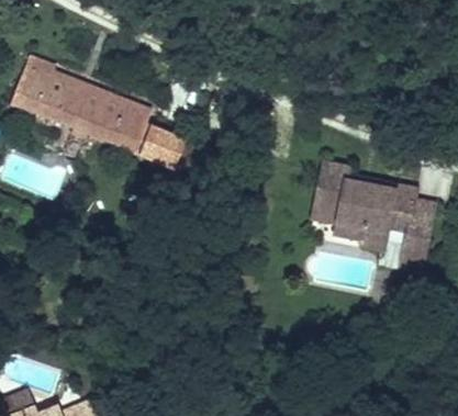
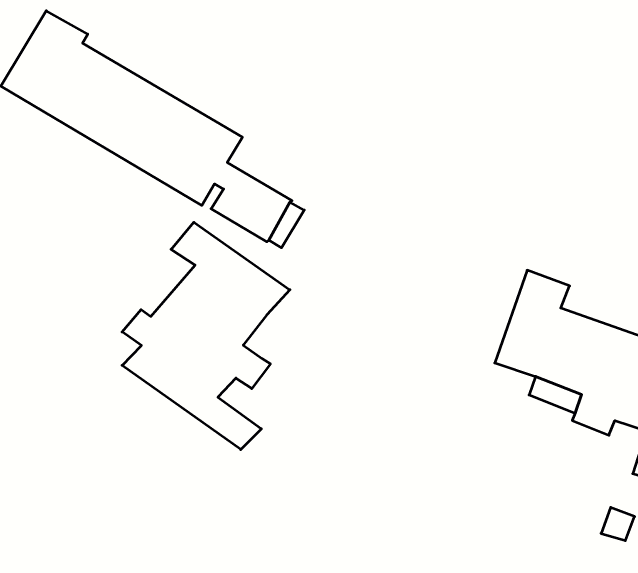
building: none -> [122,222,290,450]

